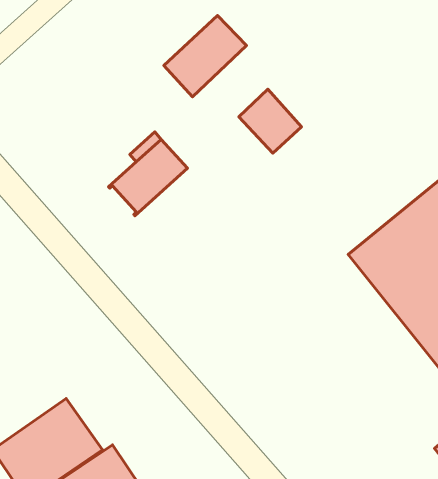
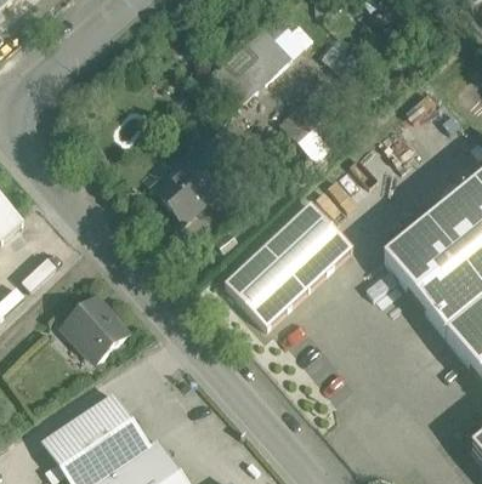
building: none -> [223,201,352,326]
building: none -> [64,296,126,359]

